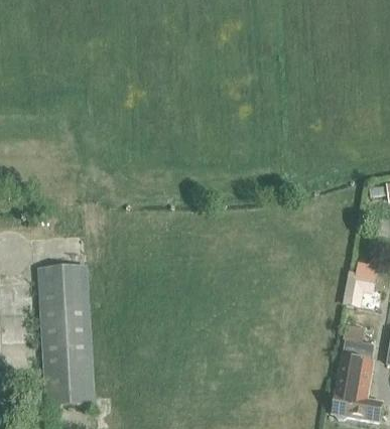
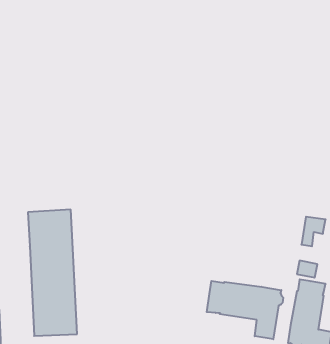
building: none -> [207,281,283,339]

